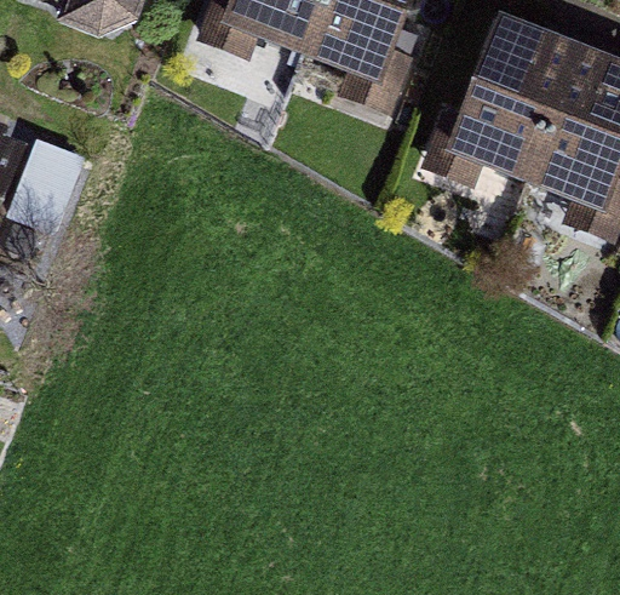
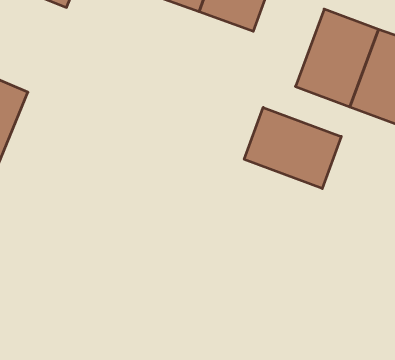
building: none -> [244,107,341,189]

